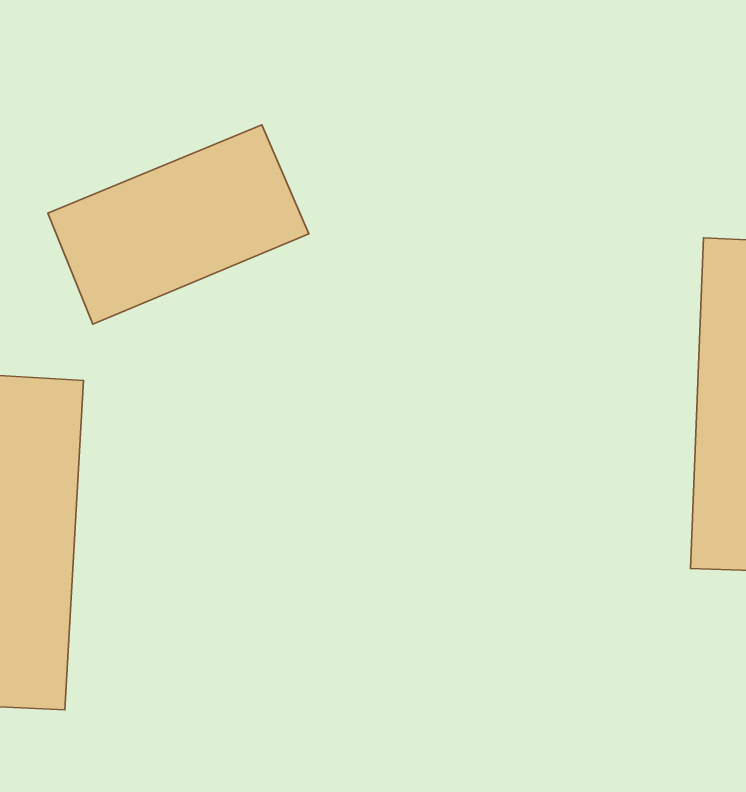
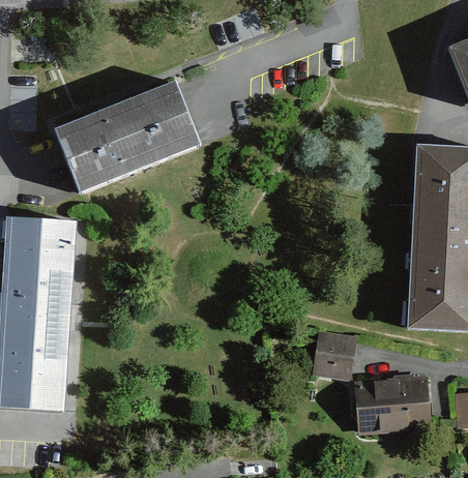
building: none -> [314,331,354,378]
building: none -> [354,376,430,431]

